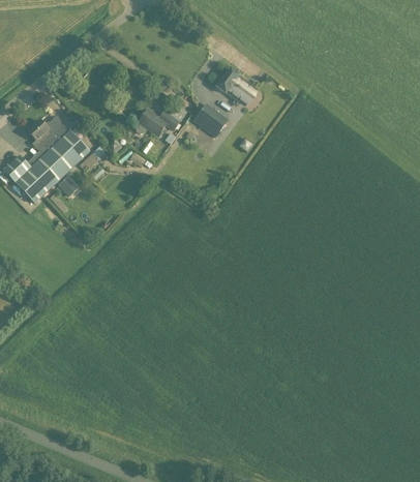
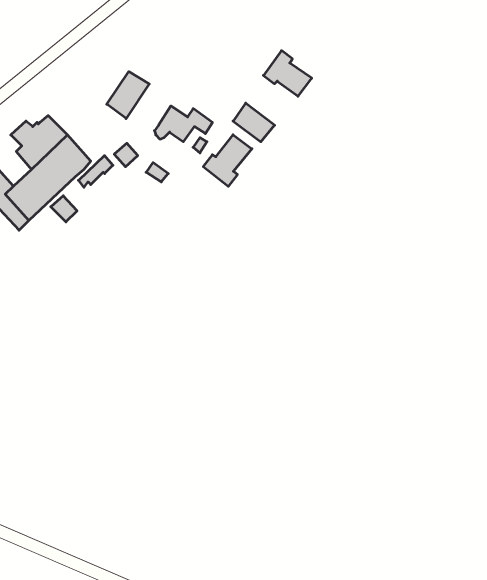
building: none -> [107,72,149,119]
building: none -> [203,135,252,186]

